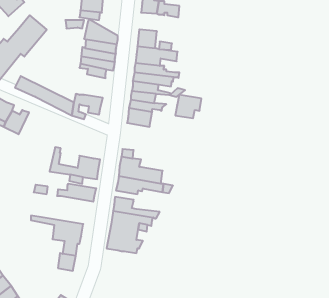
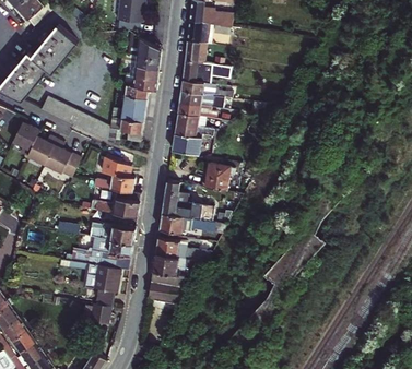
building: none -> [186,22,209,44]
building: none -> [121,94,146,121]
building: [175,95,201,118] -> [204,163,235,190]
building: none -> [45,139,81,177]
building: none -> [87,156,134,192]
building: none -> [73,236,132,270]

